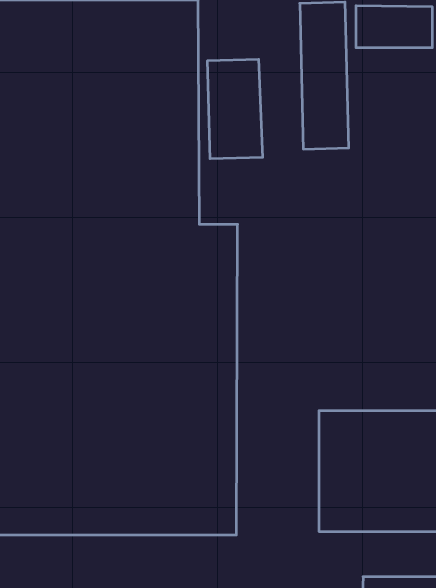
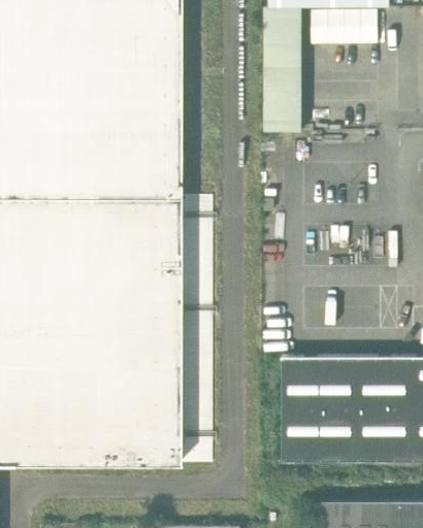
building: [208,59,263,159] -> none

